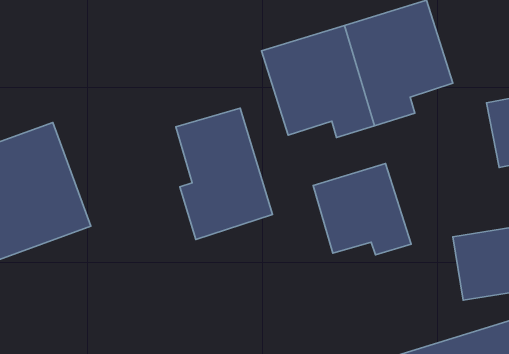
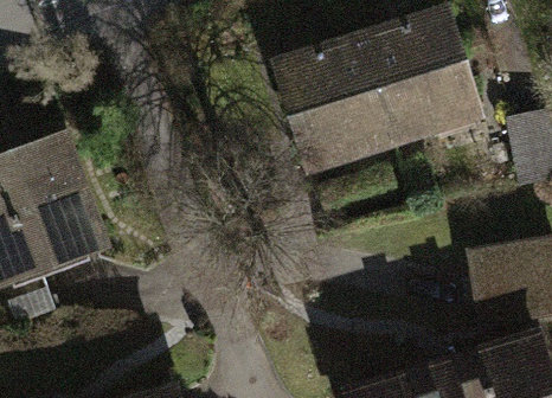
building: [176,108,273,239] -> none
building: [313,163,411,255] -> none

